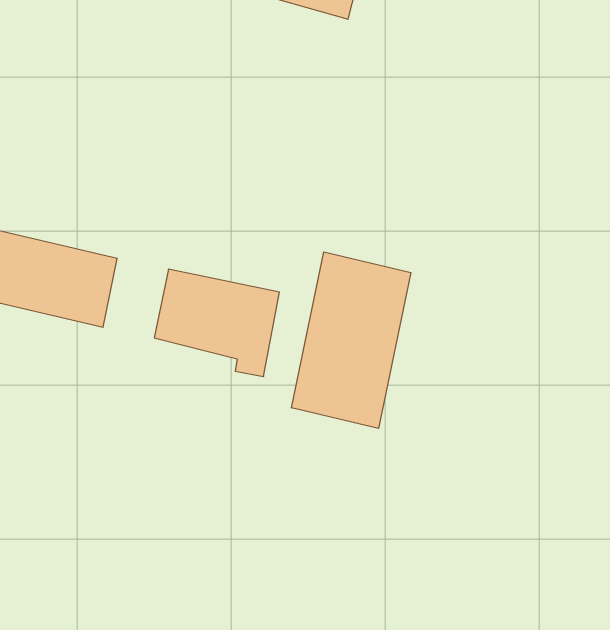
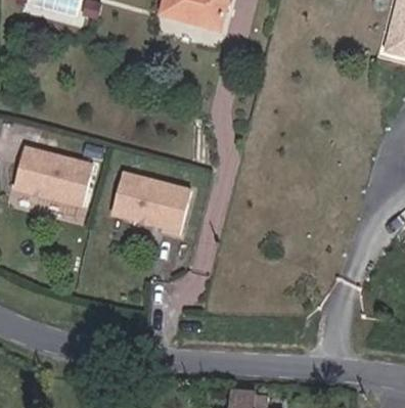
building: [292,252,411,428] -> none

